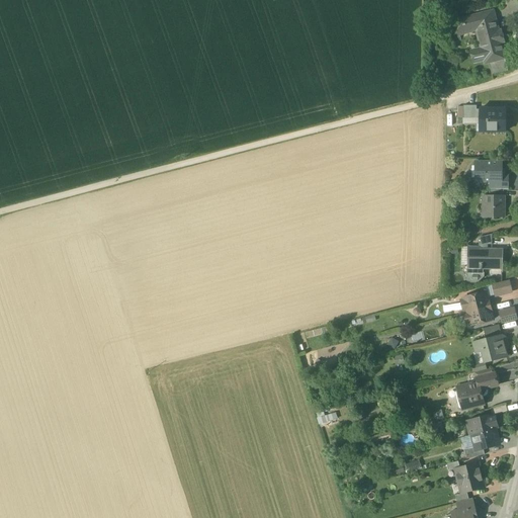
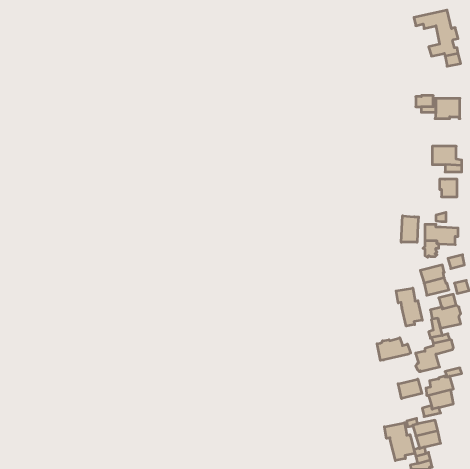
building: none -> [401,216,419,242]
building: none -> [396,288,422,326]
building: none -> [377,338,411,360]
building: none -> [398,379,422,399]
building: none -> [384,423,415,461]

